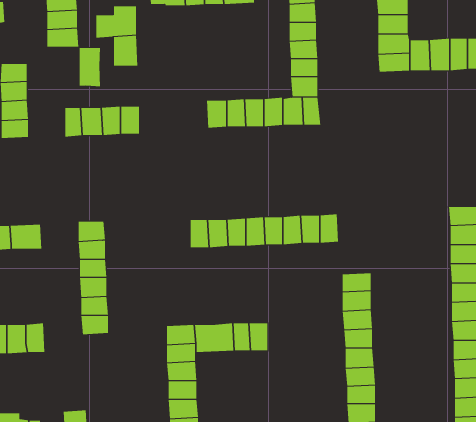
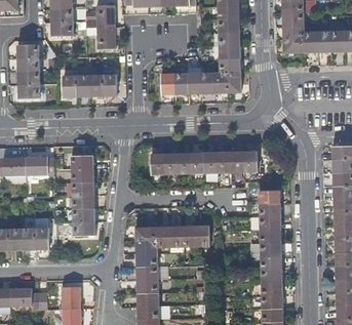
building: [79,47,100,87] -> none

